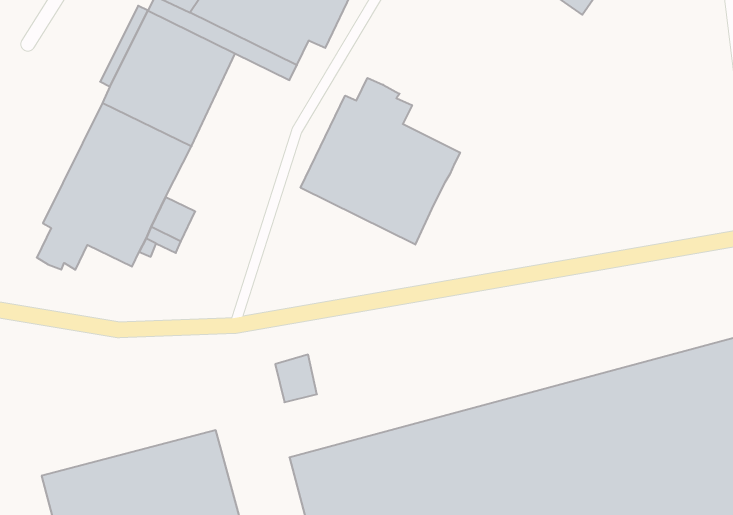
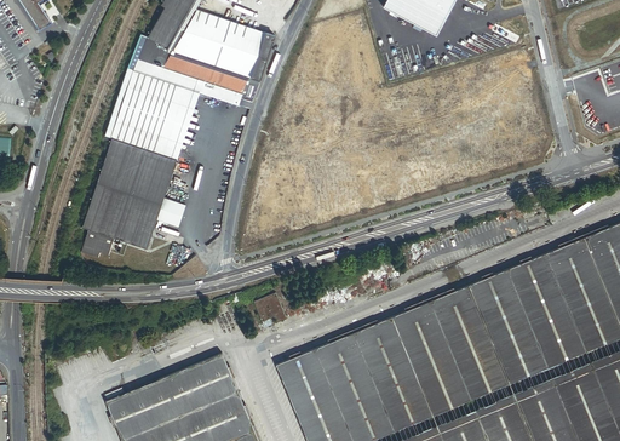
building: [301,78,460,245] -> none

